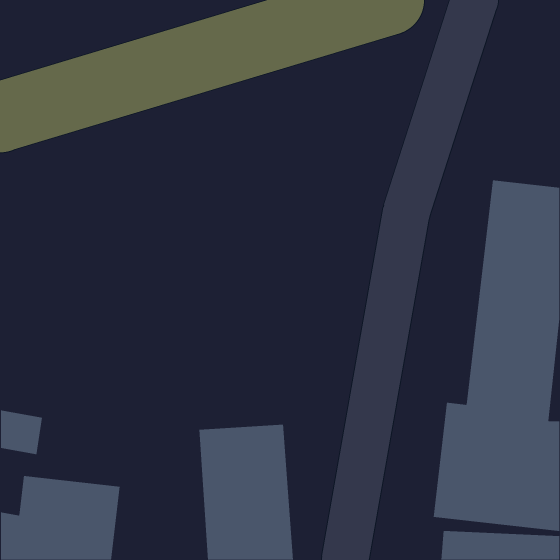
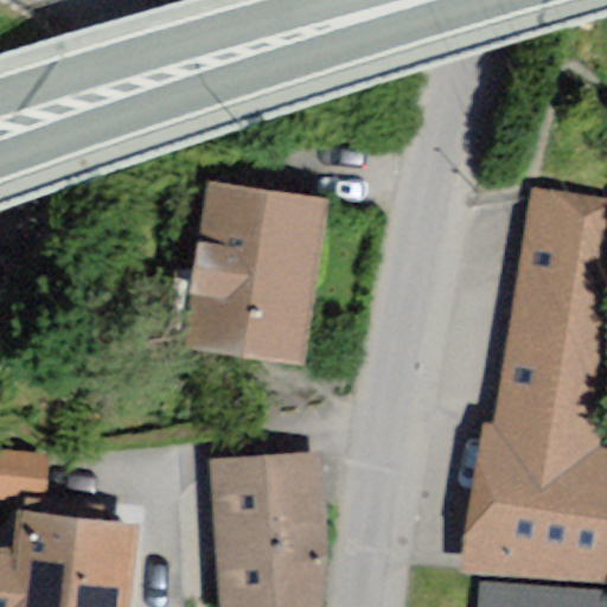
building: none -> [192,193,317,350]

